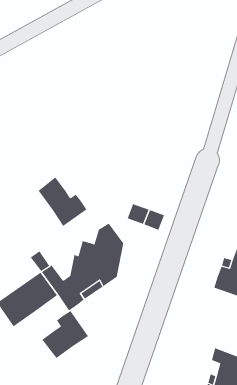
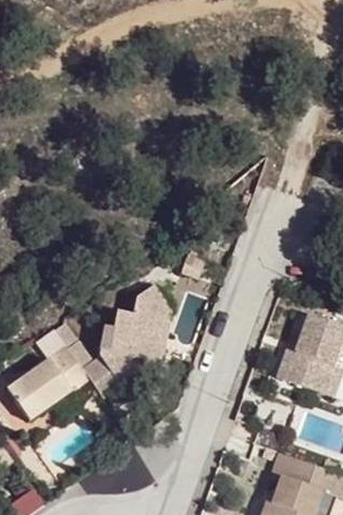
building: [38,176,87,227] -> none
building: [42,310,89,359] -> none

